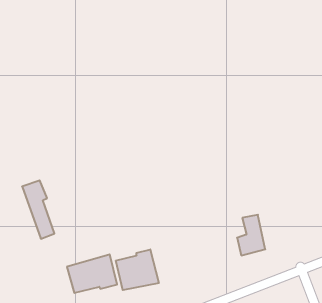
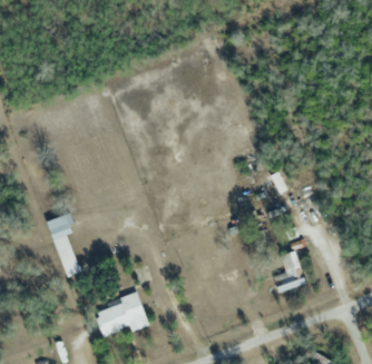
building: [116,249,159,290] -> none

